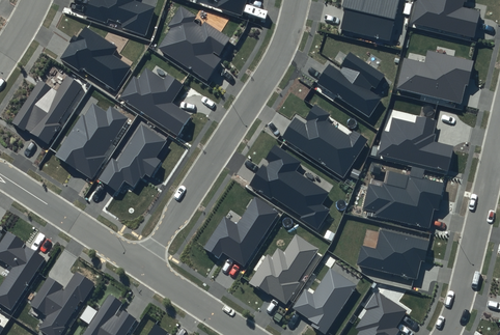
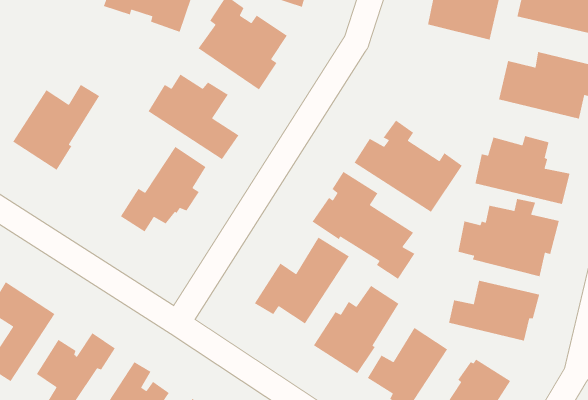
building: [60,26,132,90] -> none
building: [316,52,385,118] -> none
building: [56,104,129,178] -> none

